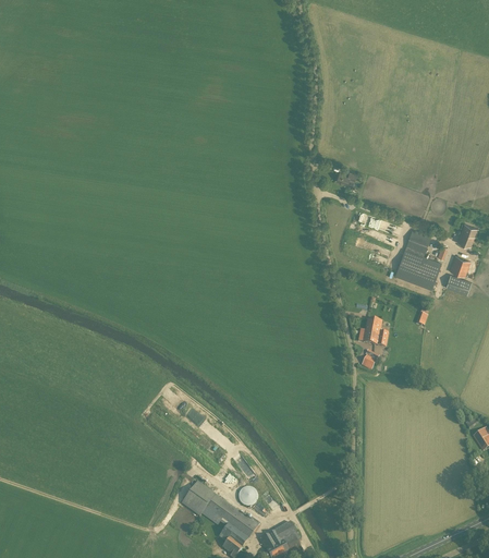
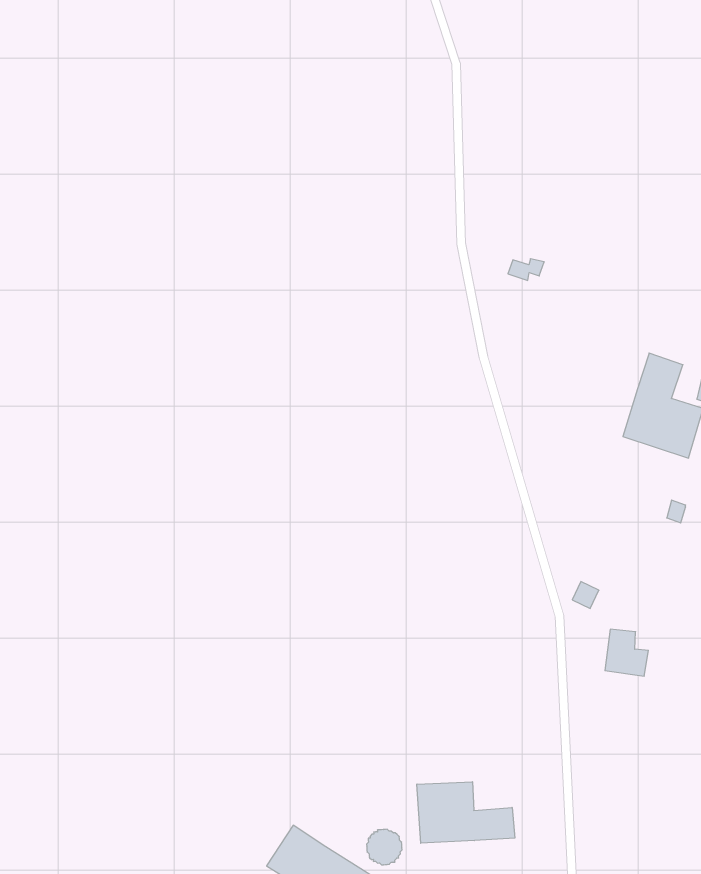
building: [363,318,388,345] -> [605,629,648,676]
building: none -> [417,782,515,843]

